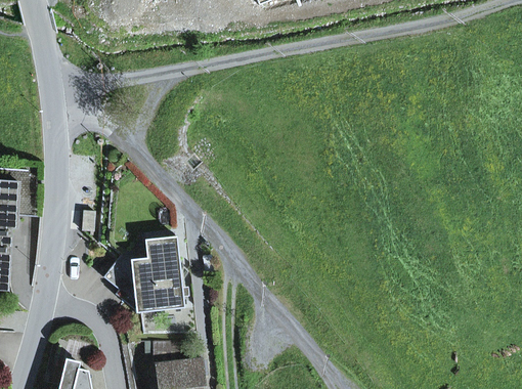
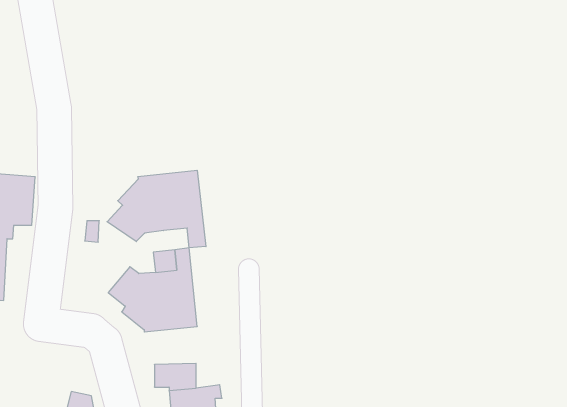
building: none -> [107,170,206,248]

